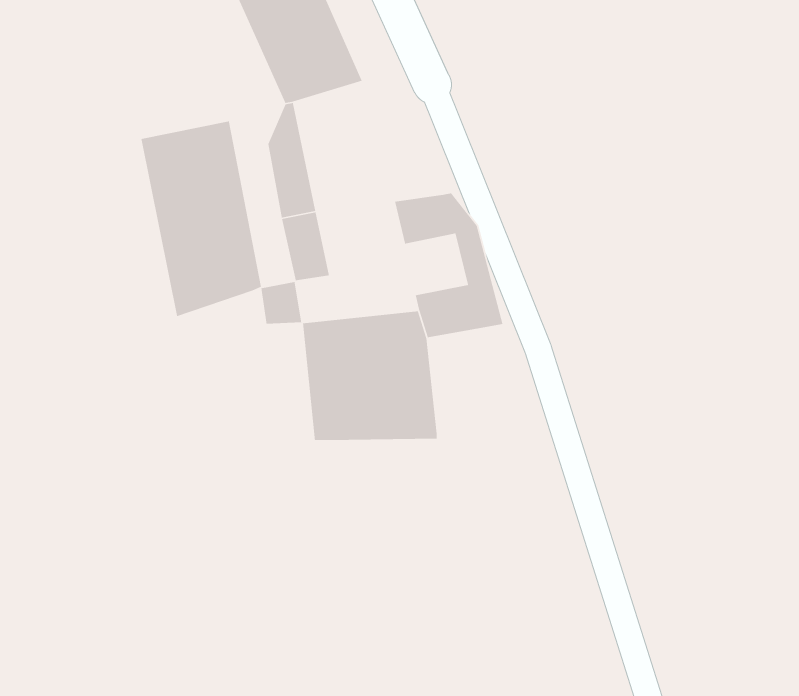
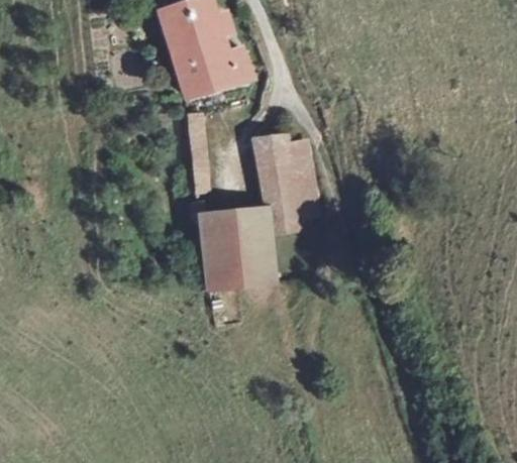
building: [140,121,262,317] -> none
building: none -> [261,160,297,196]

